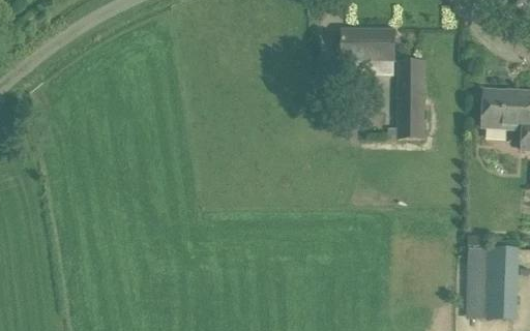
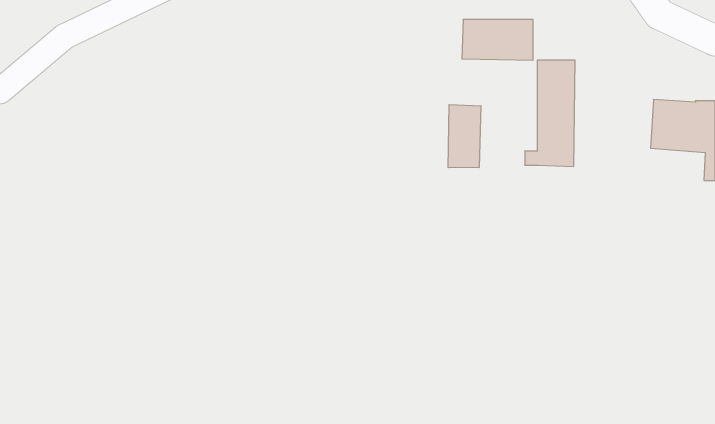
building: none -> [448,105,481,168]
building: [466,246,520,320] -> none

